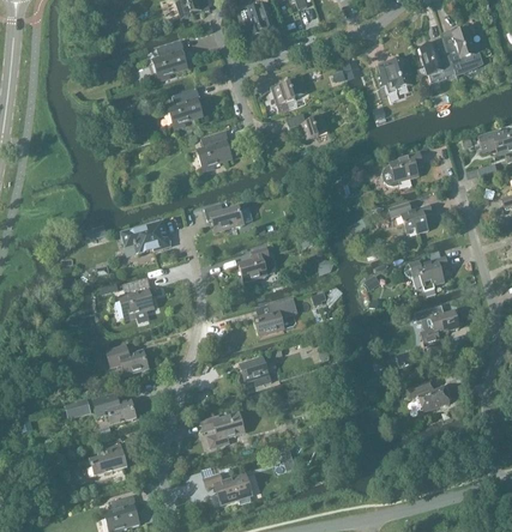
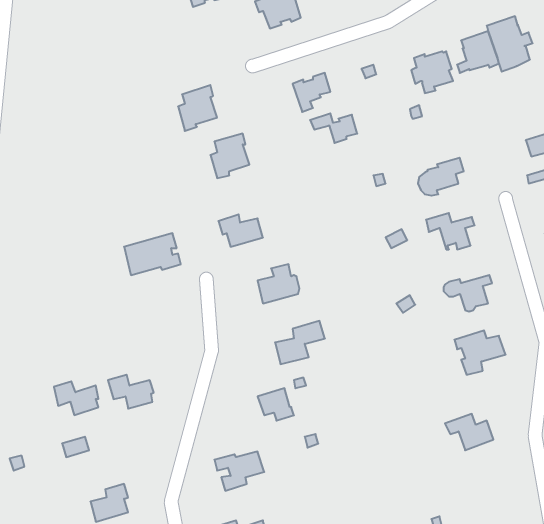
building: [153,40,188,80] -> none
building: [120,277,155,319] -> none
building: [95,395,134,425] -> [54,381,98,415]

